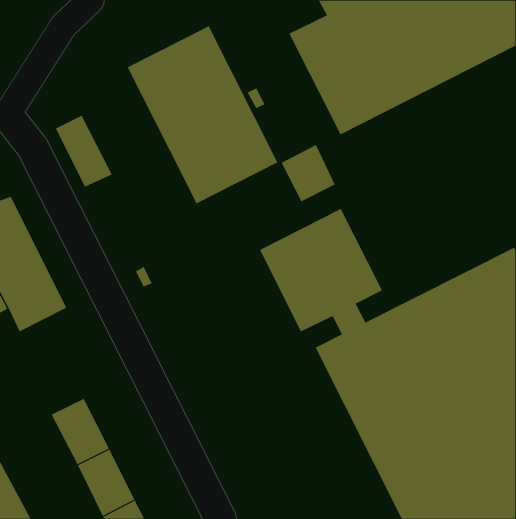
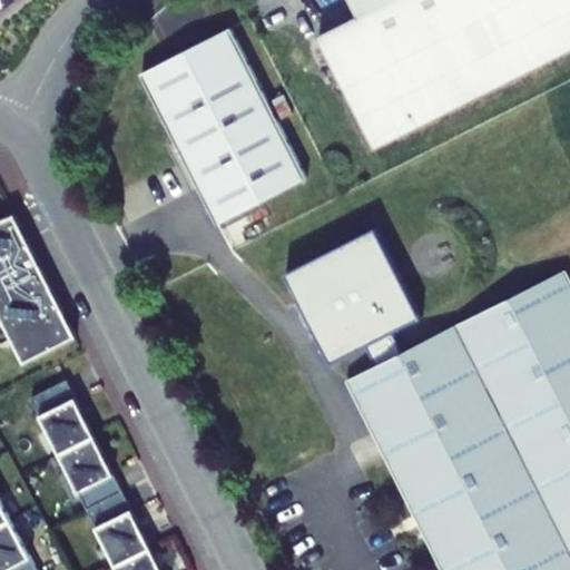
building: [55,115,112,188] -> none
building: [281,144,336,202] -> none
building: none -> [28,381,92,454]

